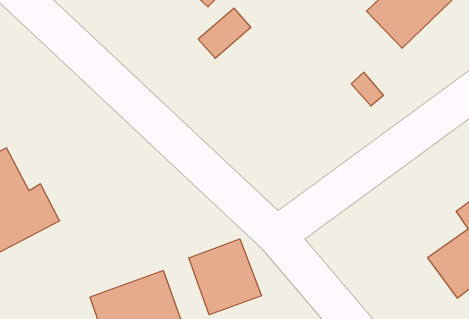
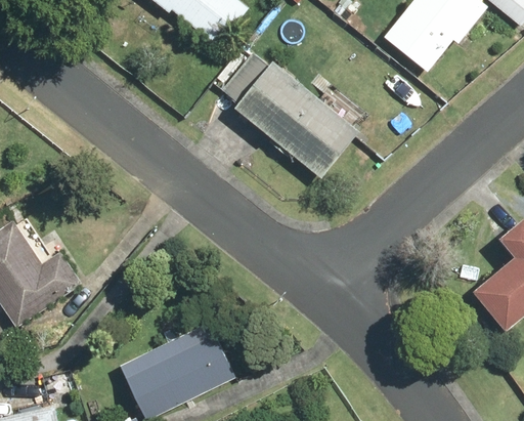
building: none -> [235,62,372,179]
building: [189,239,262,315] -> none

